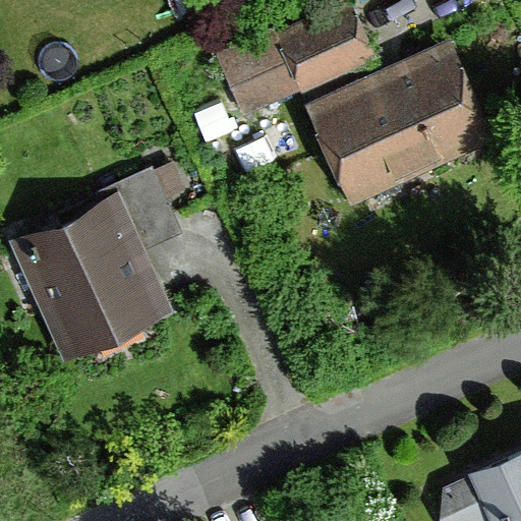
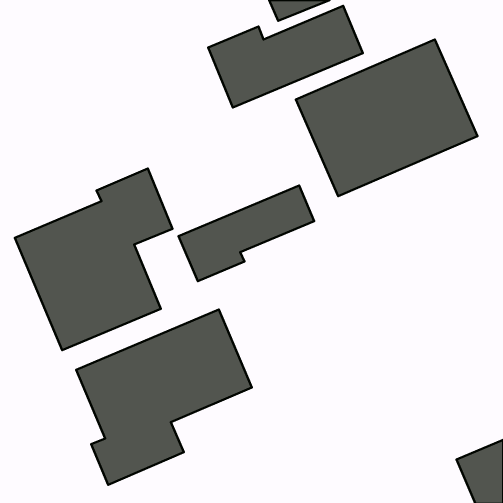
building: none -> [179,185,314,281]
building: none -> [76,310,252,485]

